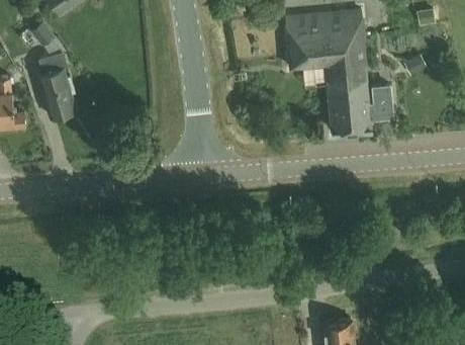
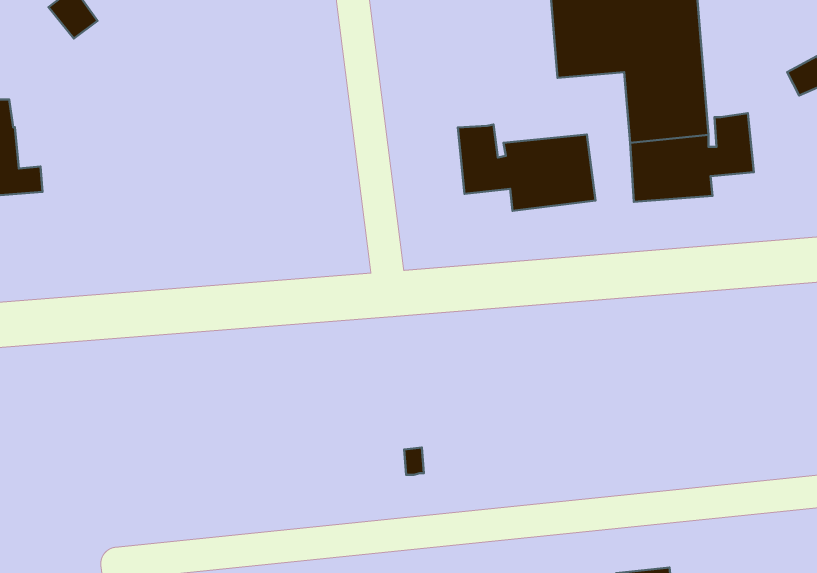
building: [37,53,76,117] -> none
building: none -> [458,124,596,211]

